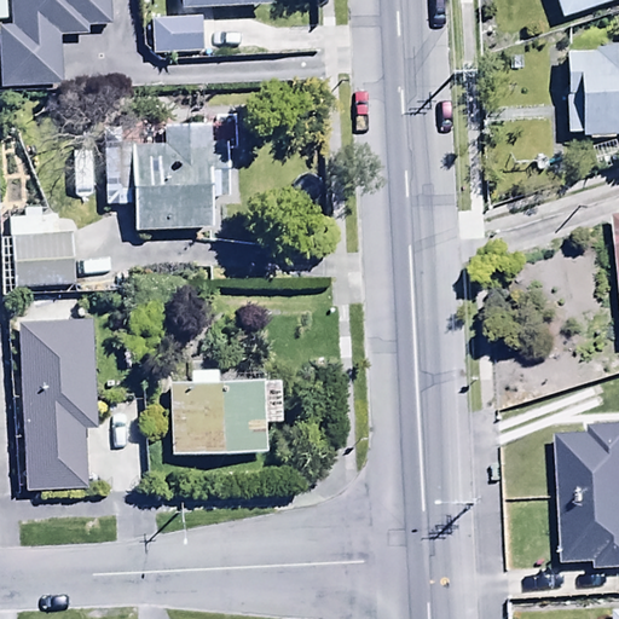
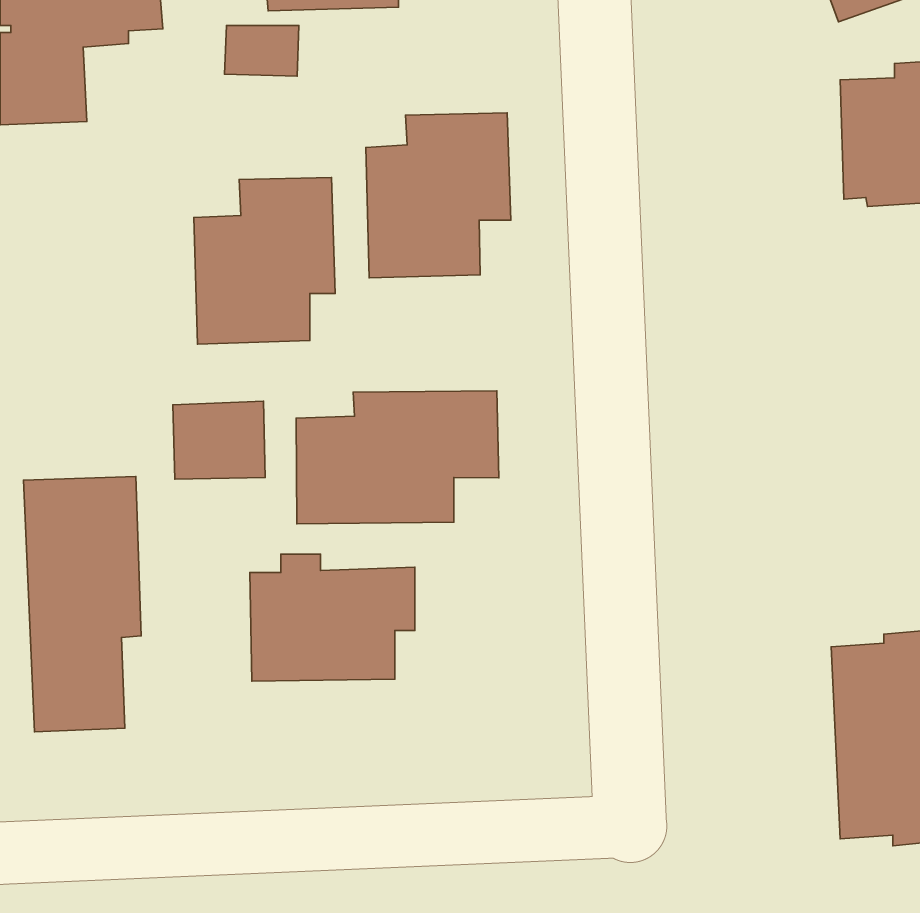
building: none -> [366,113,511,278]
building: [12,235,74,287] -> [173,401,265,479]
building: none -> [296,391,499,524]

